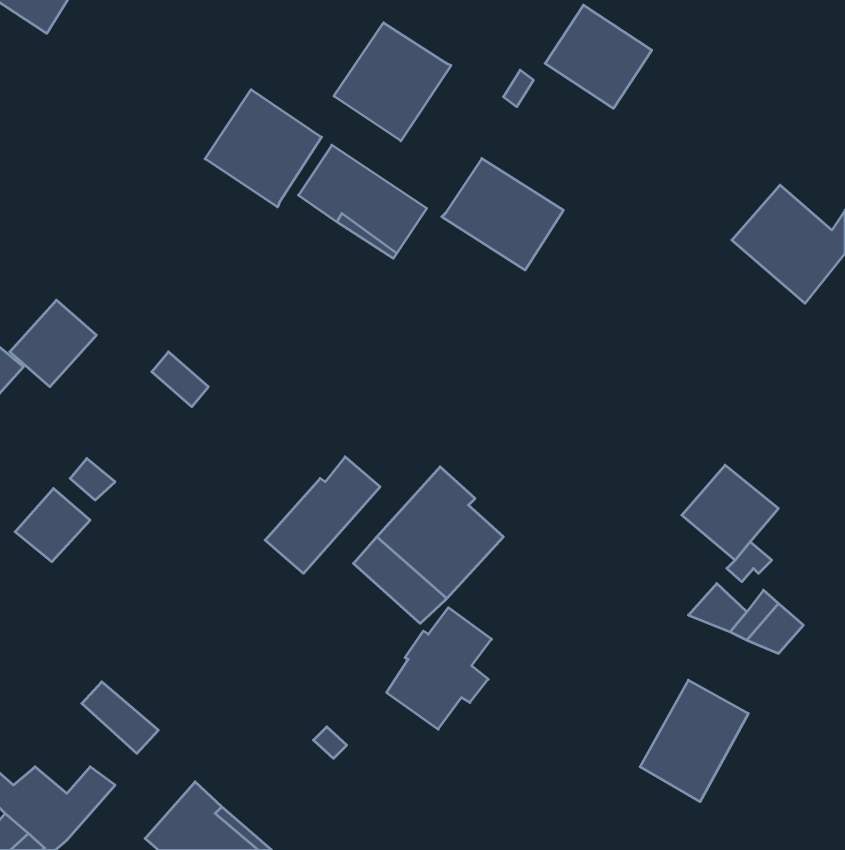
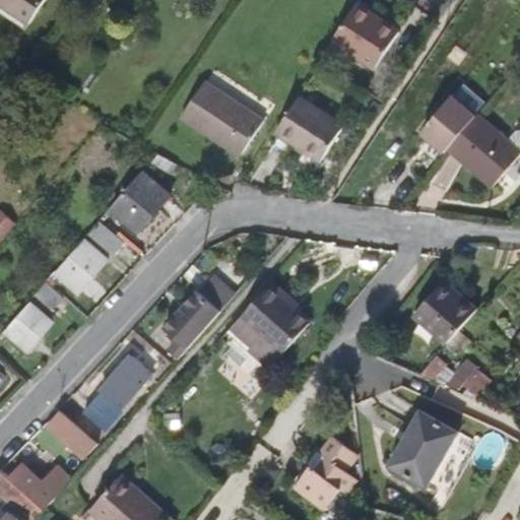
building: [334,23,451,141] -> none
building: [205,90,322,207] -> none
building: none -> [418,93,474,151]
building: none -> [116,167,173,224]
building: [10,300,96,387] -> [58,234,111,286]
building: none -> [82,355,151,430]
building: [387,608,492,729] -> [294,434,358,508]

